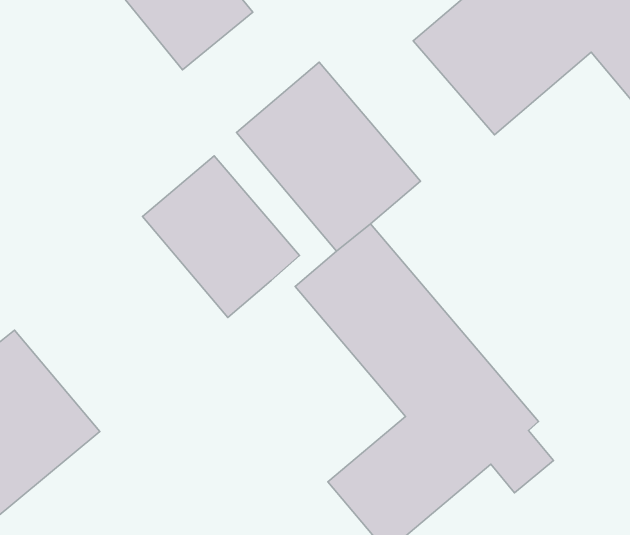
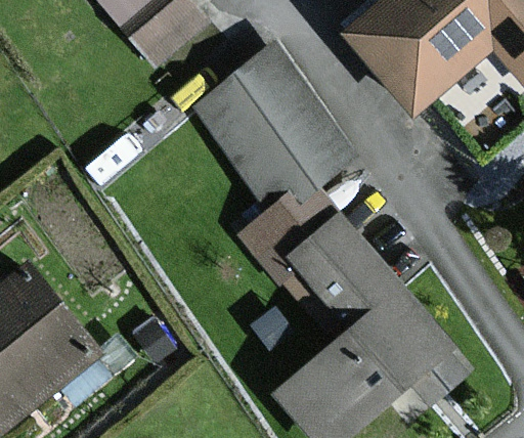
building: [142,156,300,317] -> none

